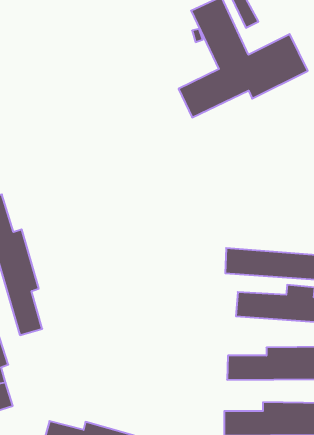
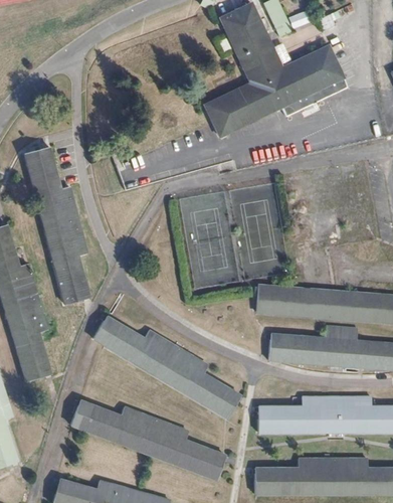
building: none -> [24,147,89,304]
building: none -> [93,316,242,418]
building: none -> [70,400,226,480]

